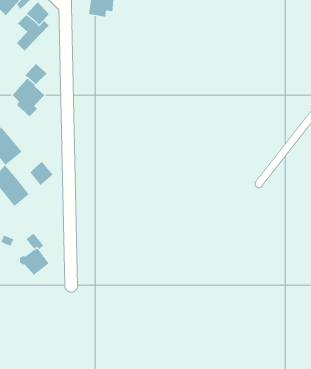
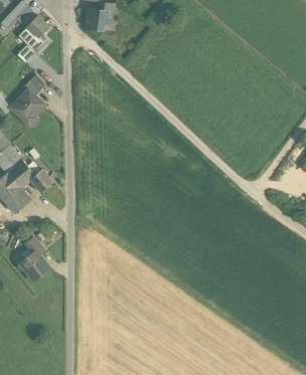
building: none -> [6,159,34,187]

